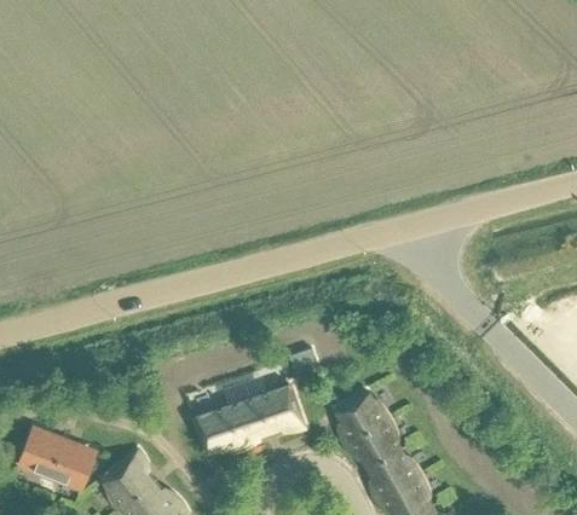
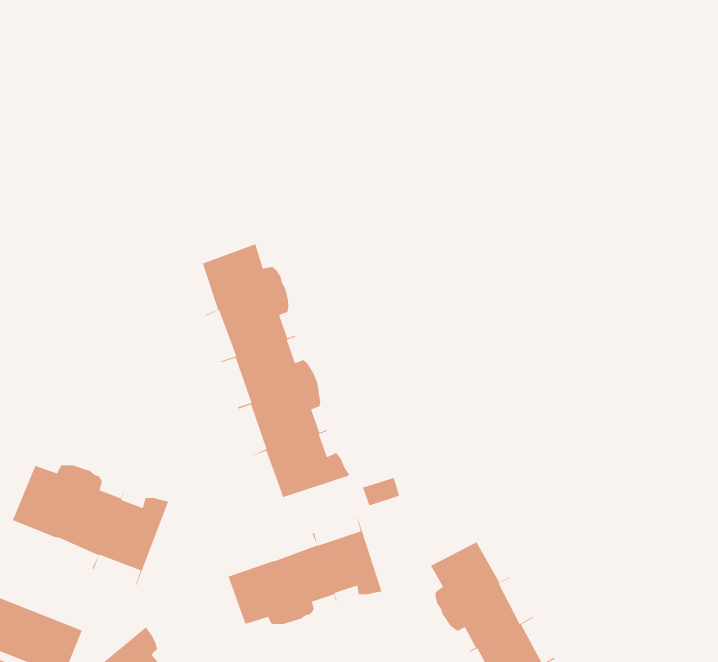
building: none -> [202,243,350,503]
building: none -> [12,464,169,587]

